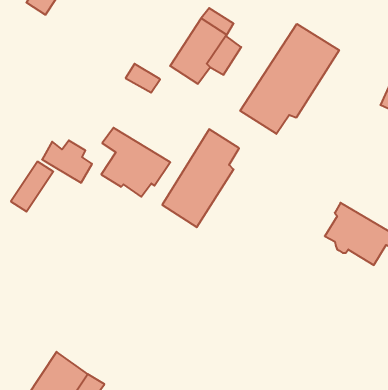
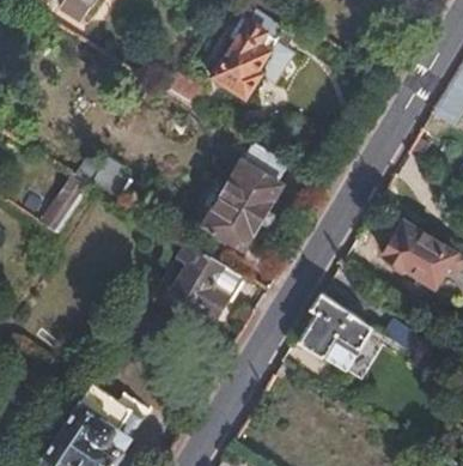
building: [240,24,339,134] -> none
building: [101,128,170,197] -> [172,241,246,315]
building: none -> [303,293,372,371]

